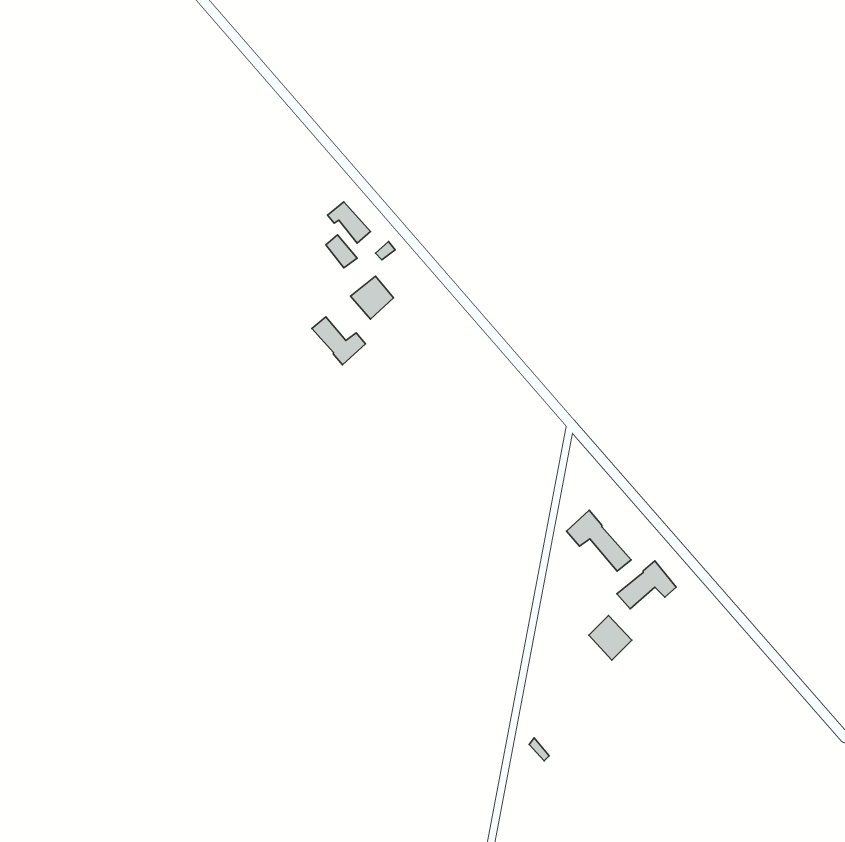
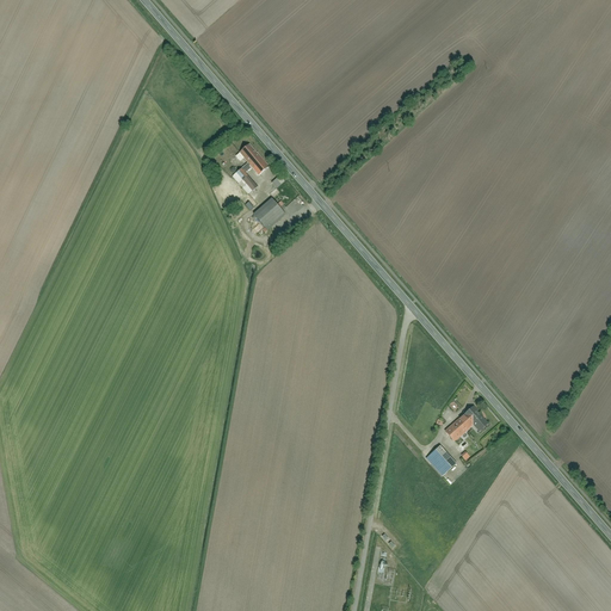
building: [312,317,366,365] -> none
building: [567,510,631,571] -> none

